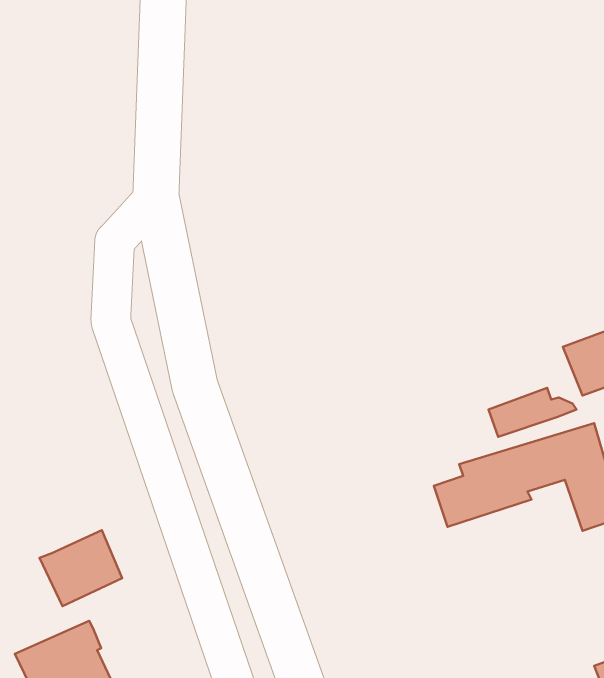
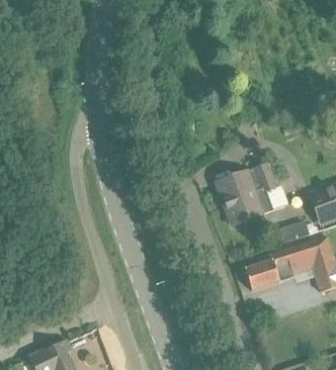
building: none -> [216,166,287,224]
building: [40,530,122,606] -> none

